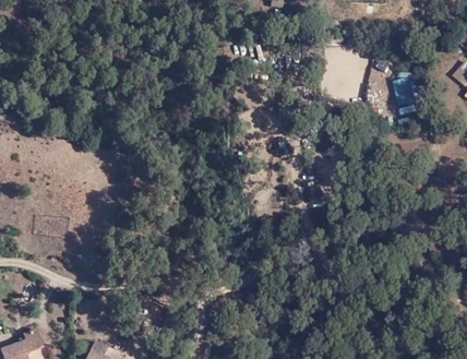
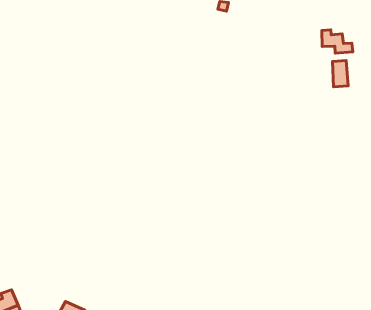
building: none -> [322,30,353,53]

